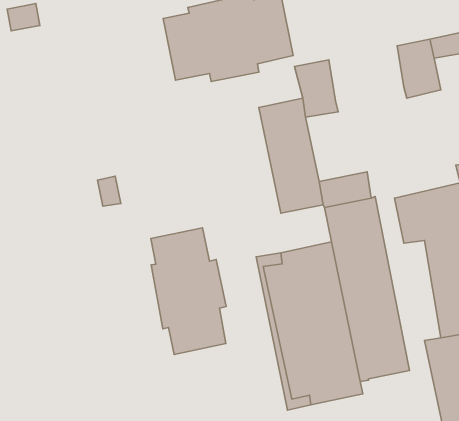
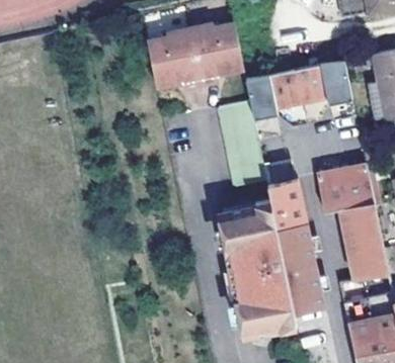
building: none -> [269,66,325,106]
building: [151,228,226,355] -> none

